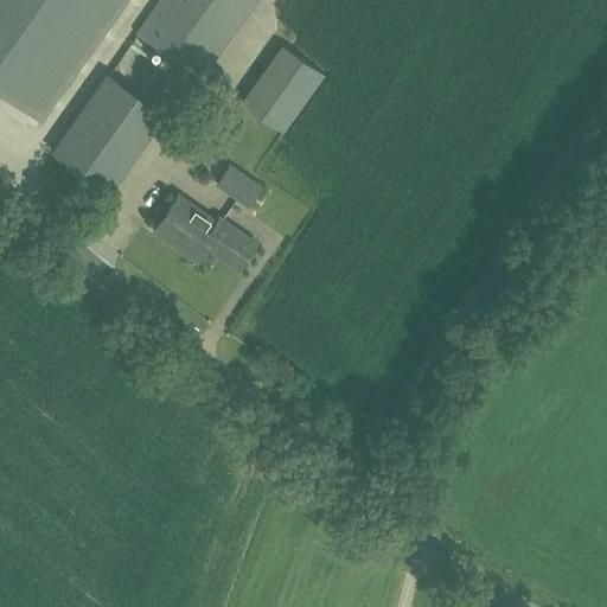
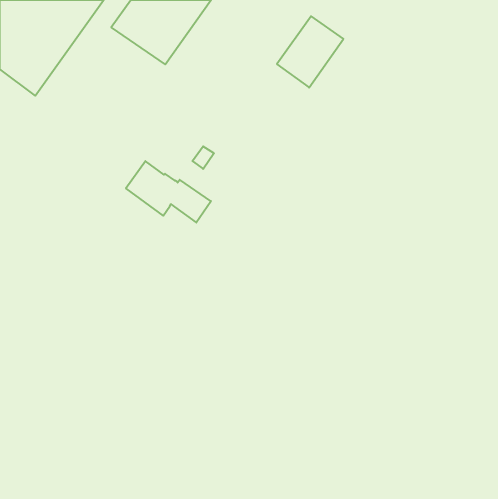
building: [244,46,325,133] -> [277,16,343,88]
building: [55,74,165,190] -> none

